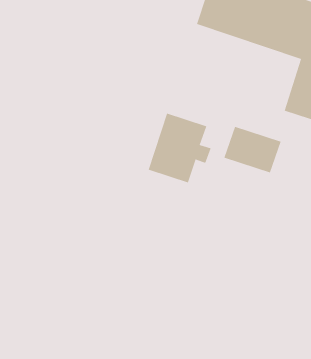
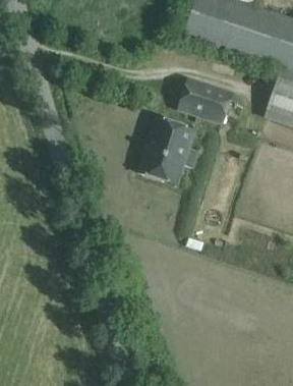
building: [223,126,282,173] -> [179,78,233,122]

